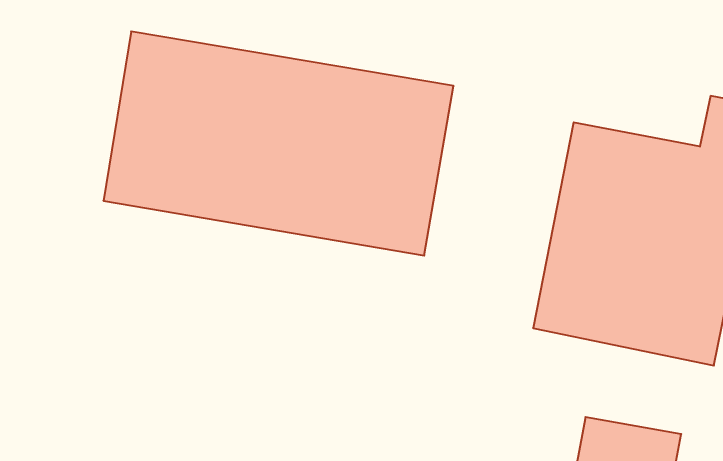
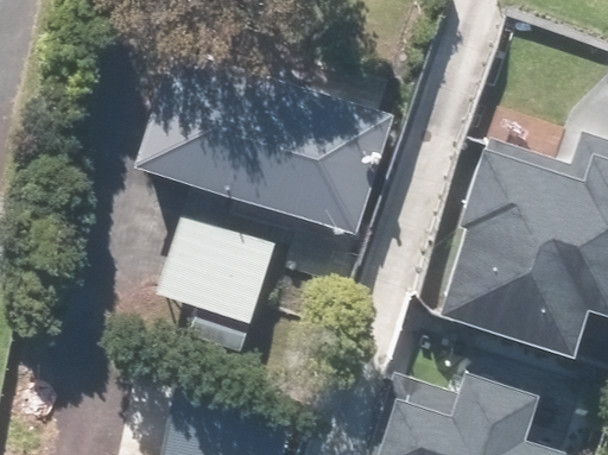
building: none -> [164,217,279,353]

